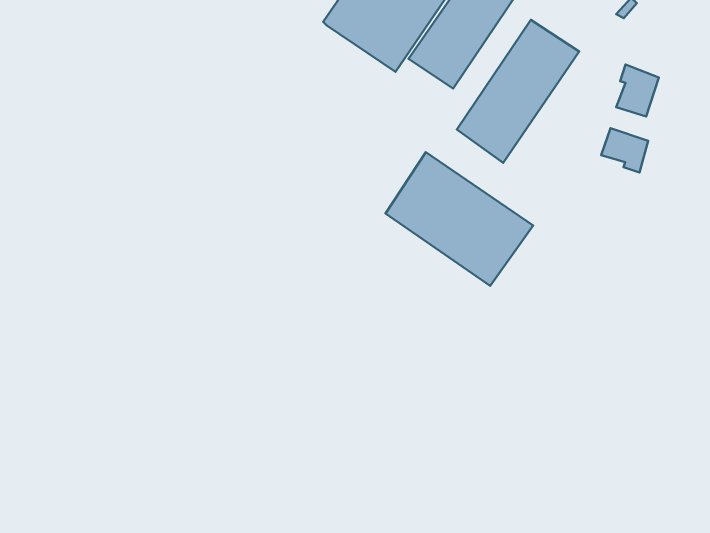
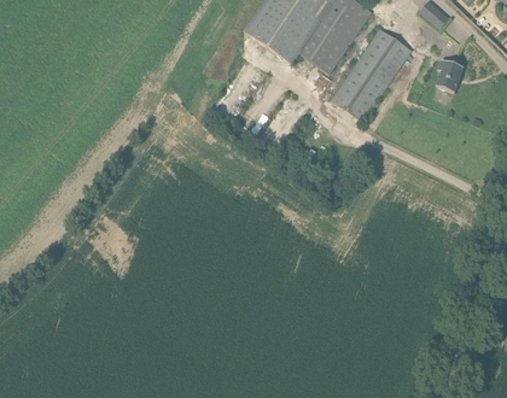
building: [601,128,648,173] -> none
building: [385,152,533,286] -> none

